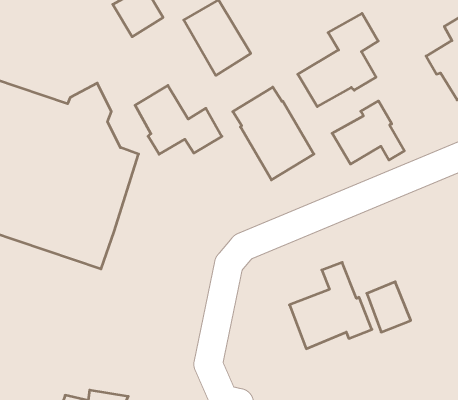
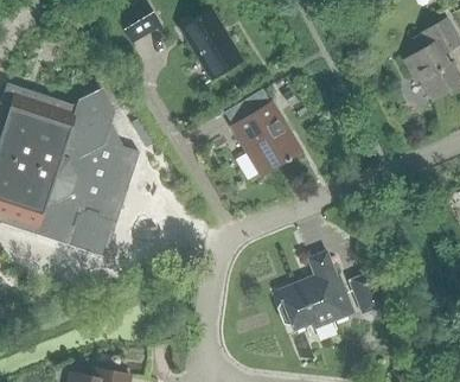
building: [298,13,378,107] -> none
building: [135,85,222,154] -> none
building: [332,101,404,164] -> none

